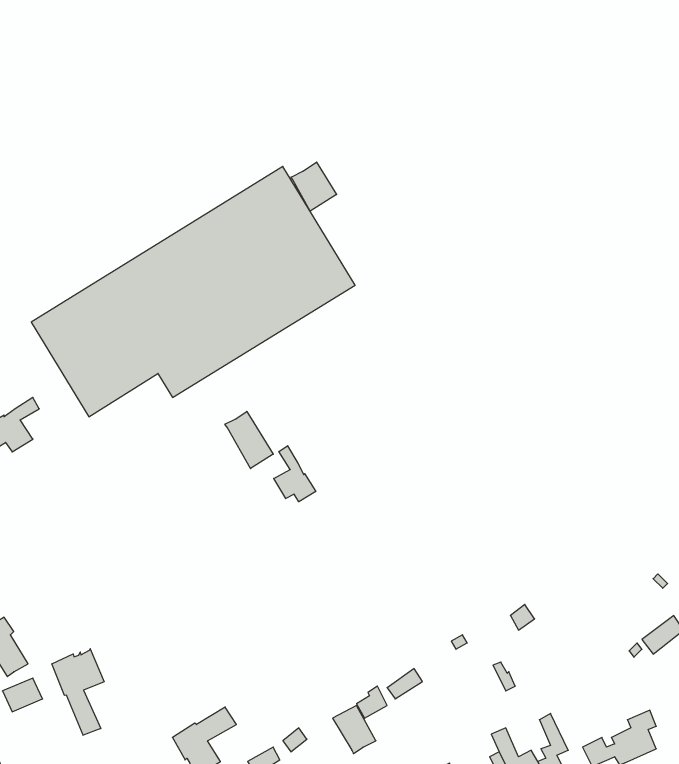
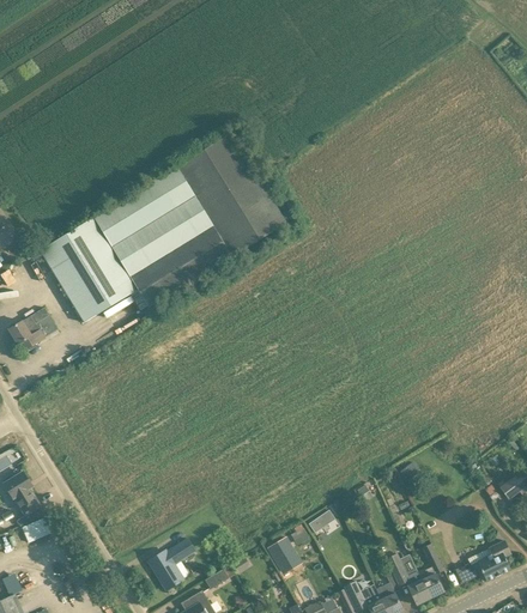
building: [291,162,337,211] -> none
building: [225,411,273,469] -> none
building: [274,446,316,502] -> none
building: [52,649,104,735] -> none

